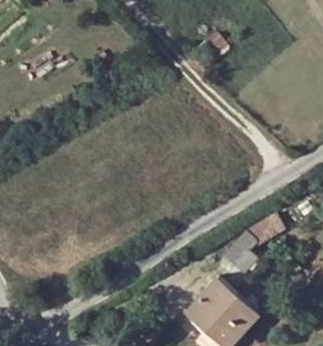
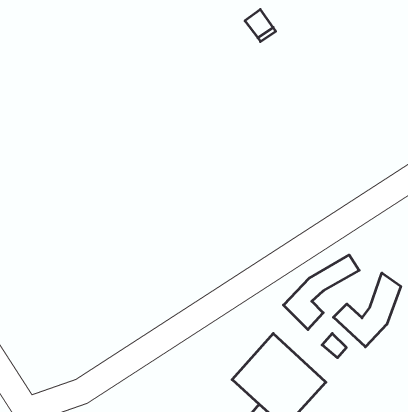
building: none -> [333,273,401,347]

